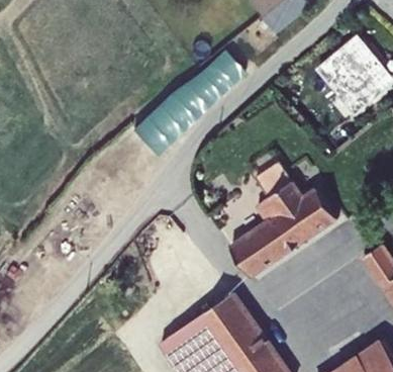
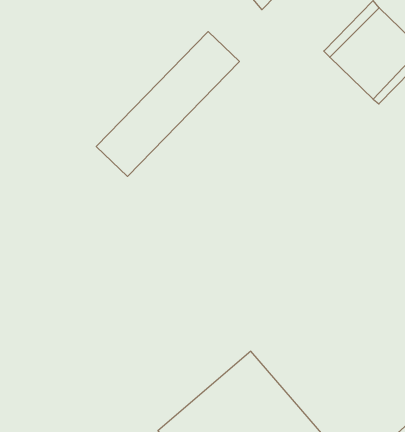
building: [229,162,338,278] -> none

